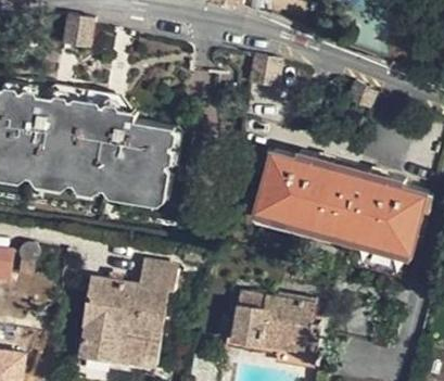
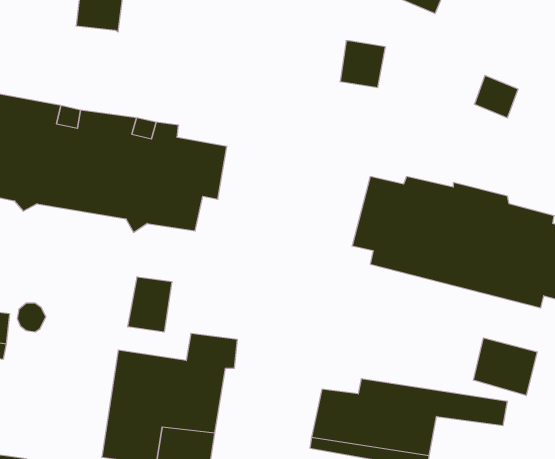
building: none -> [128,277,172,332]
building: none -> [473,338,537,396]

